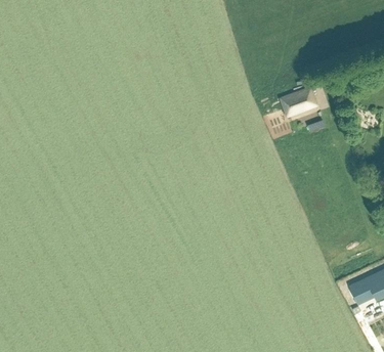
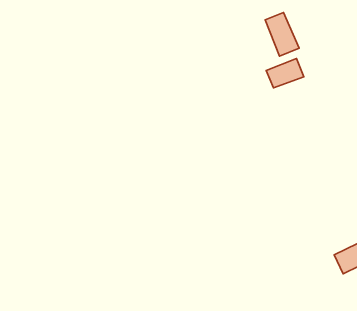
building: none -> [265,12,299,56]

